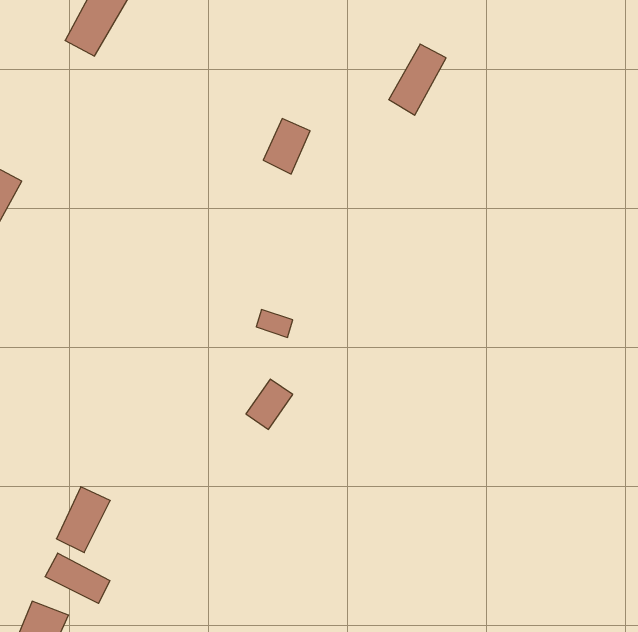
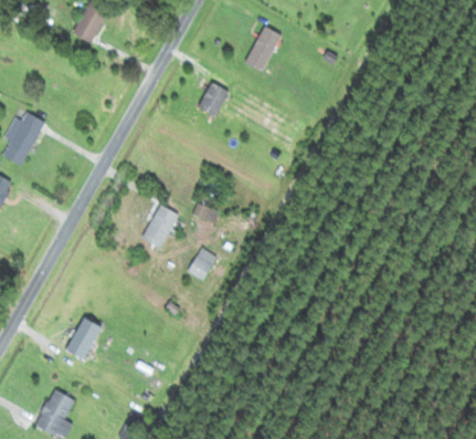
building: [389,44,446,115] -> [245,25,282,71]
building: none -> [144,203,178,247]
building: [45,553,110,603] -> none

